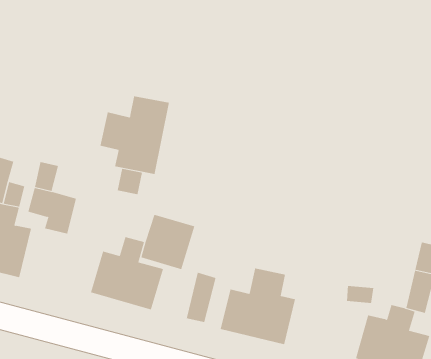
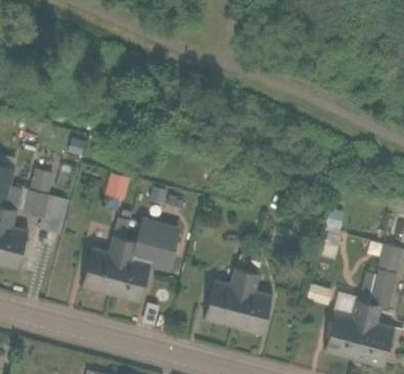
building: [100,95,169,175] -> none
building: [186,272,216,323] -> none

